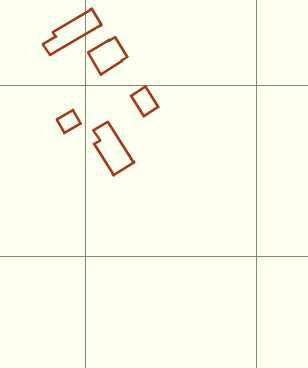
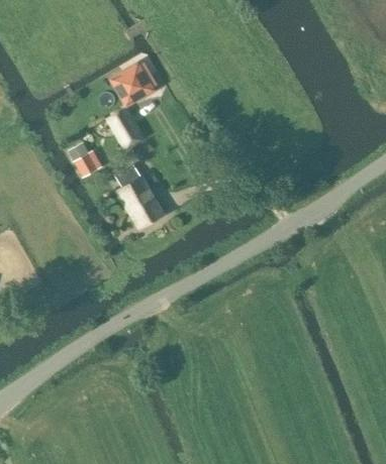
building: [43,9,101,55] -> none
building: [131,87,158,116] -> [105,107,137,142]

